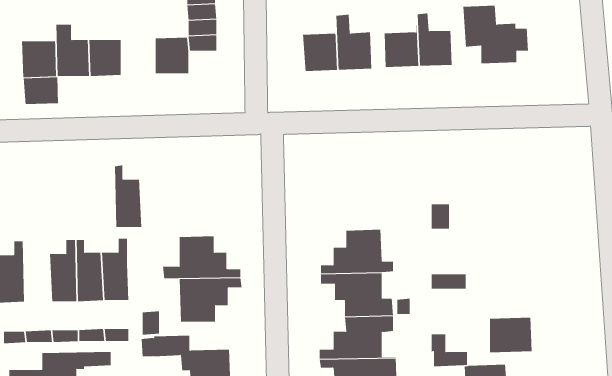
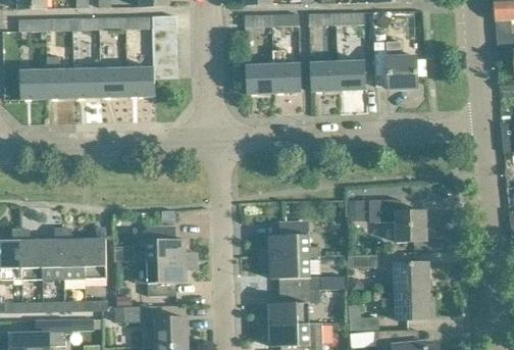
building: none -> [100,67,126,97]
building: [23,77,58,105] -> none
building: [114,165,142,227] -> [21,229,44,279]
building: none -> [368,199,425,241]
building: none -> [394,262,428,292]

